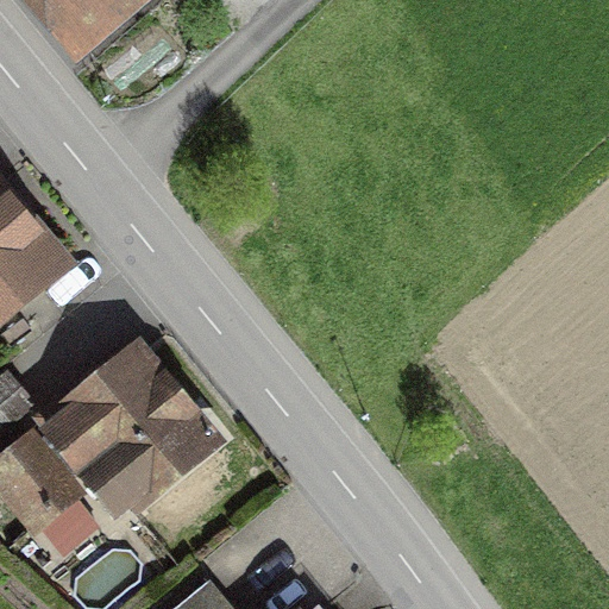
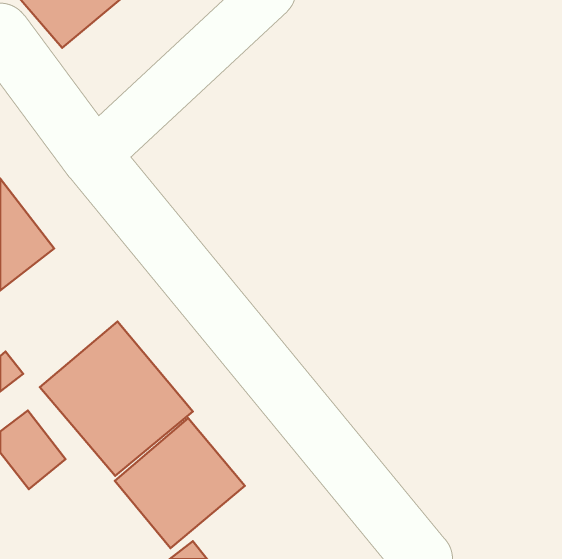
building: none -> [115,418,245,548]

